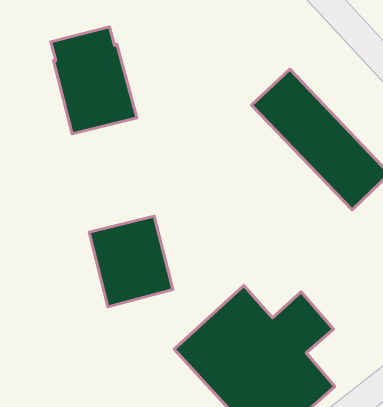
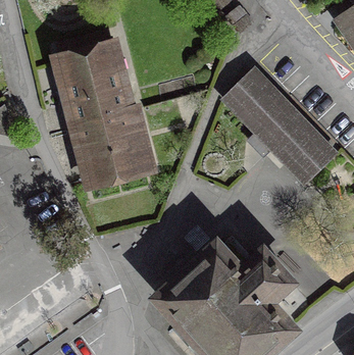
building: [89,216,173,307] -> [74,108,143,183]

